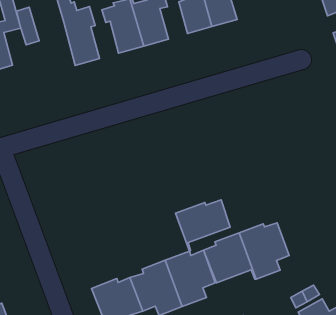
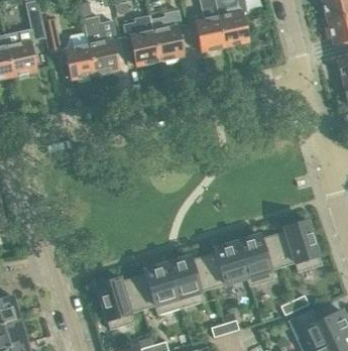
building: none -> [65,33,94,80]
building: [176,200,230,251] -> none
building: none -> [273,219,321,271]

